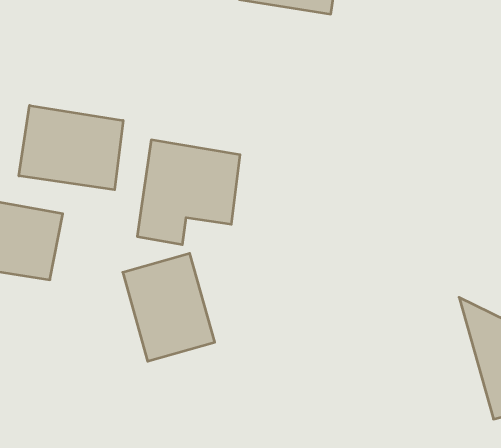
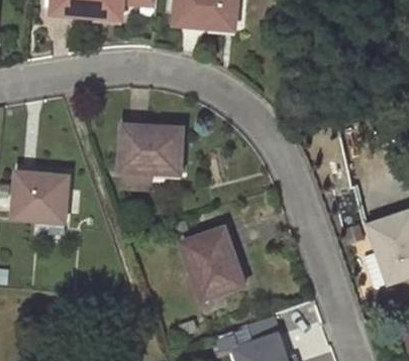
building: [19,105,123,190] -> none
building: [123,253,215,361] -> [183,227,247,300]

